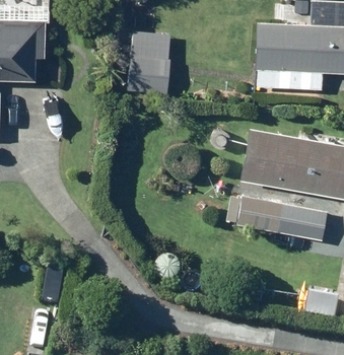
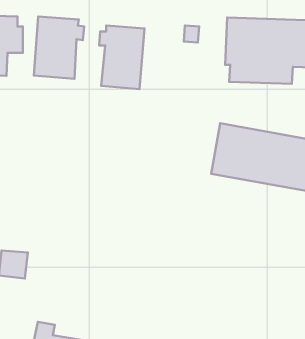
building: none -> [34,16,84,79]
building: [238,197,327,241] -> none

